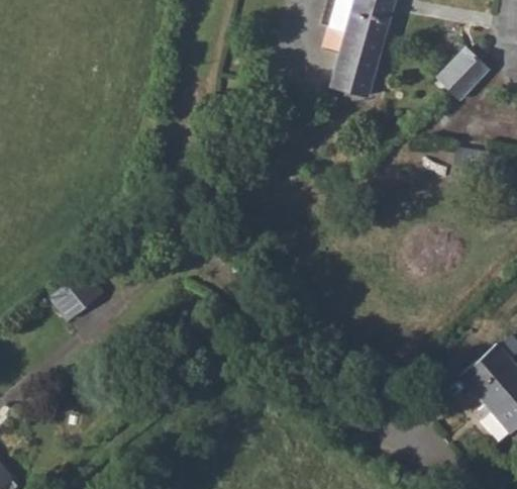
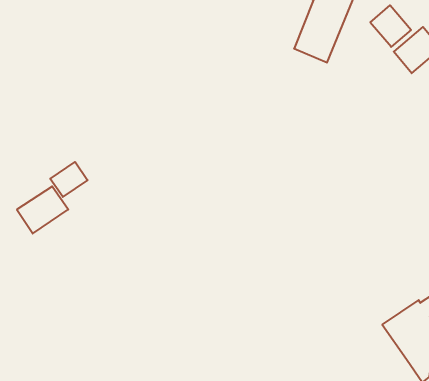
building: none -> [370,5,411,47]
building: none -> [50,162,88,197]

